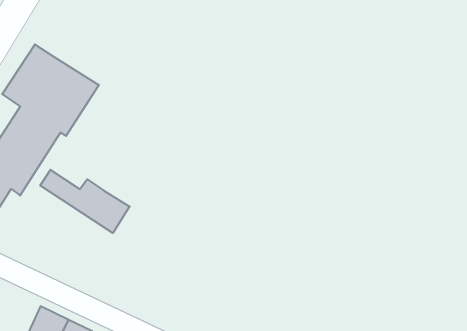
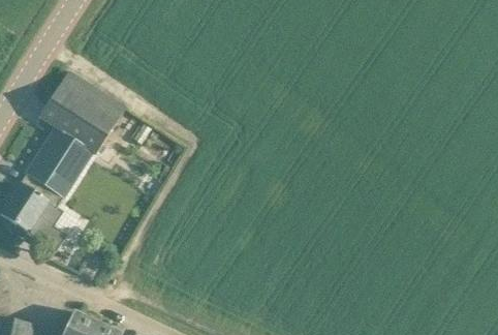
building: [40,170,130,233] -> none

